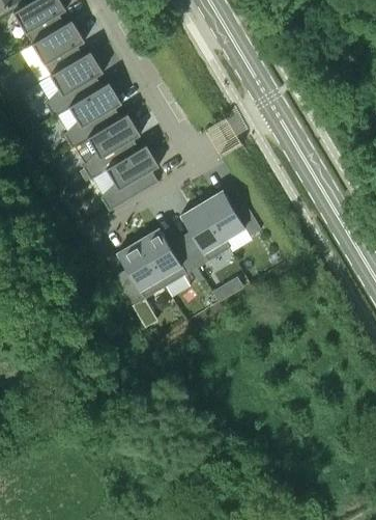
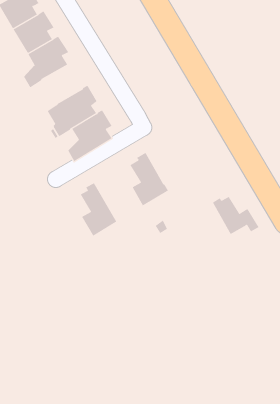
building: [64,82,121,149] -> none
building: [201,191,261,240] -> [212,196,259,234]
building: [136,228,197,288] -> none

